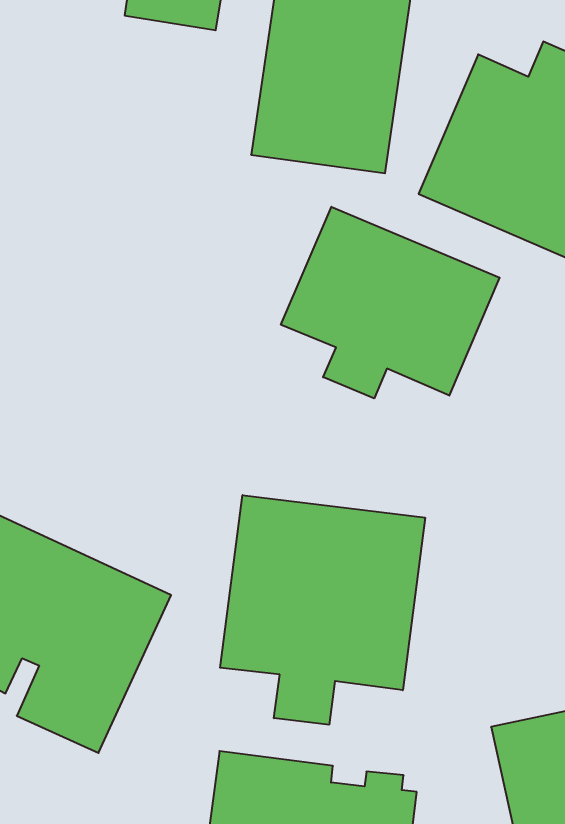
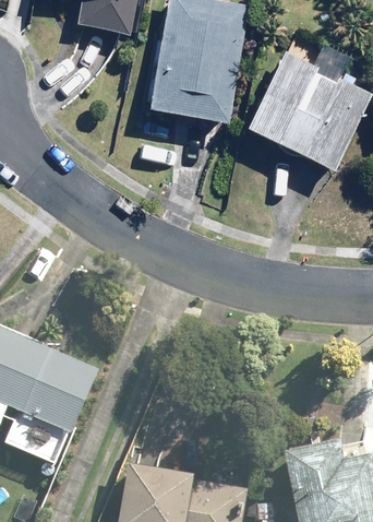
building: [281,207,500,398] -> none
building: [220,495,425,725] -> none

